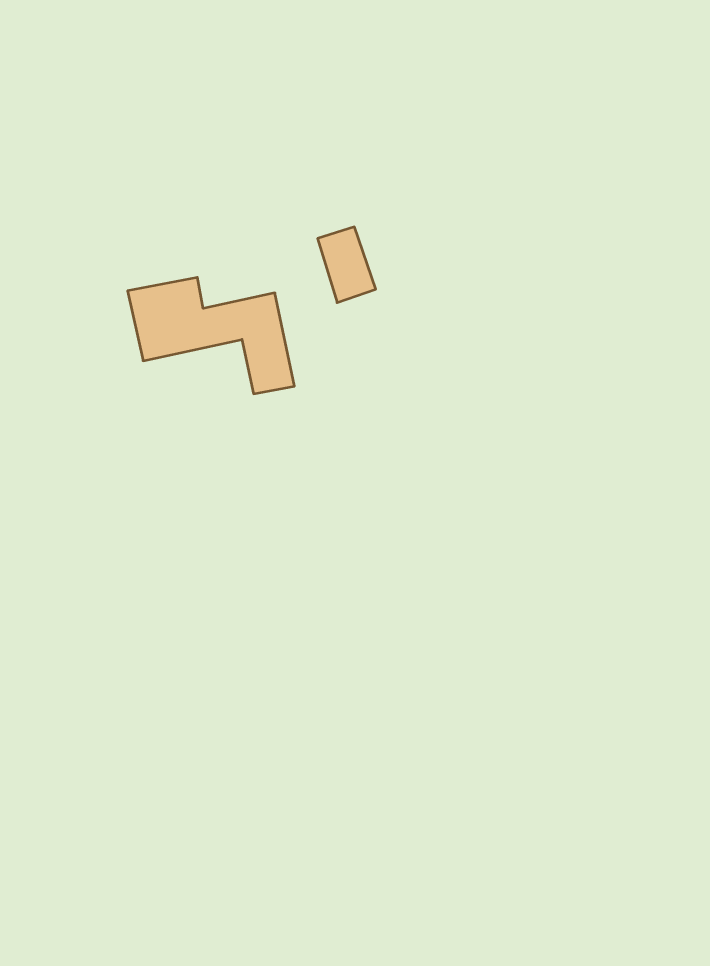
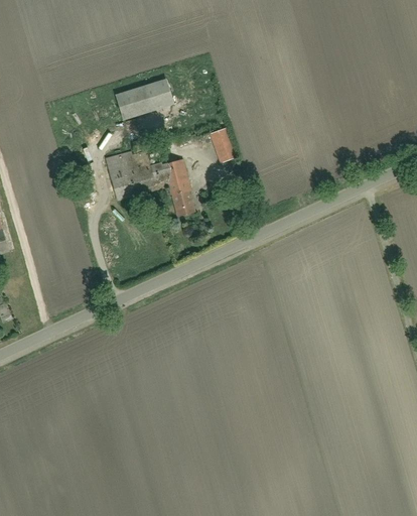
building: none -> [113,81,174,121]

